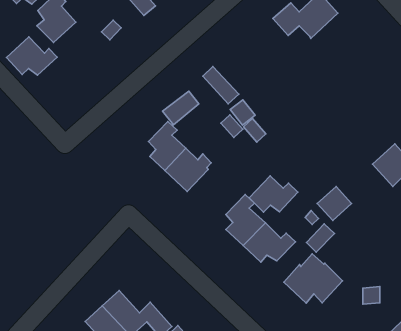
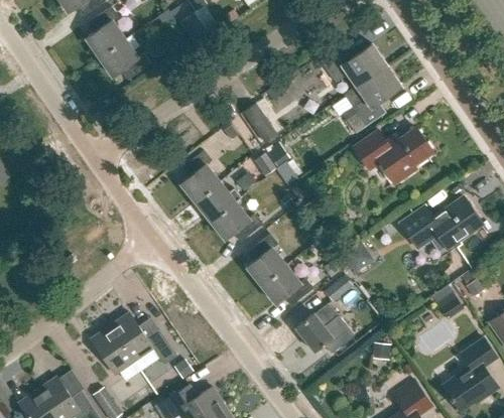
building: none -> [344,67,401,134]
building: [7,37,57,75] -> [100,39,150,79]
building: none -> [354,128,433,183]
building: [249,176,298,212] -> [212,204,261,242]

